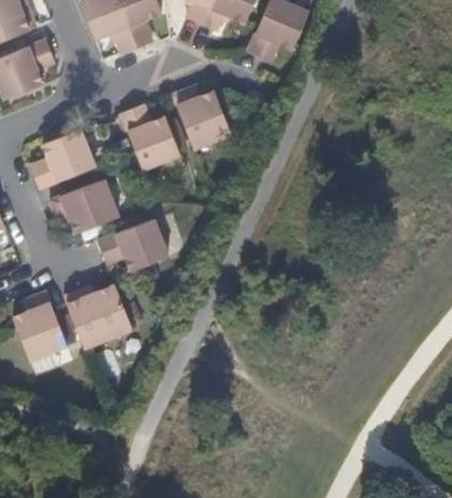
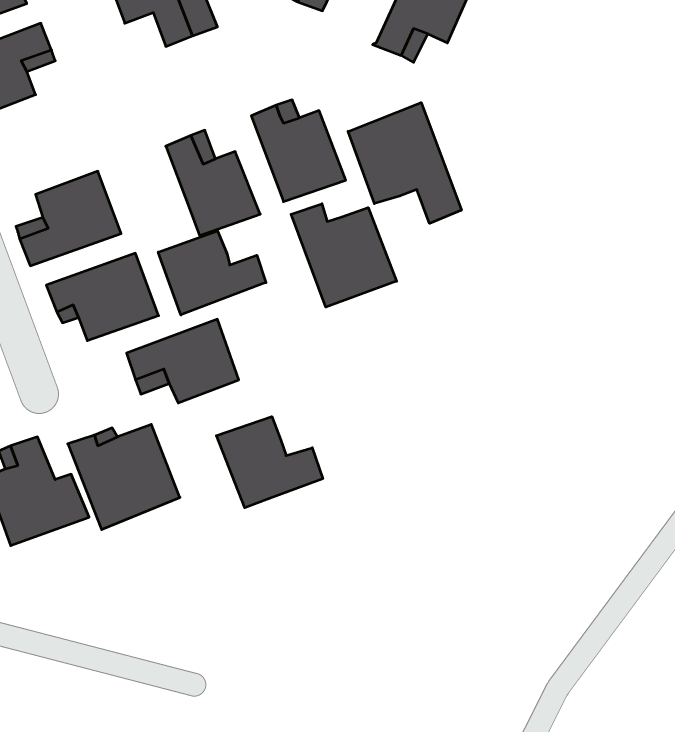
building: none -> [348,103,461,223]
building: none -> [291,204,397,307]
building: none -> [158,231,266,315]
building: none -> [216,417,323,508]

